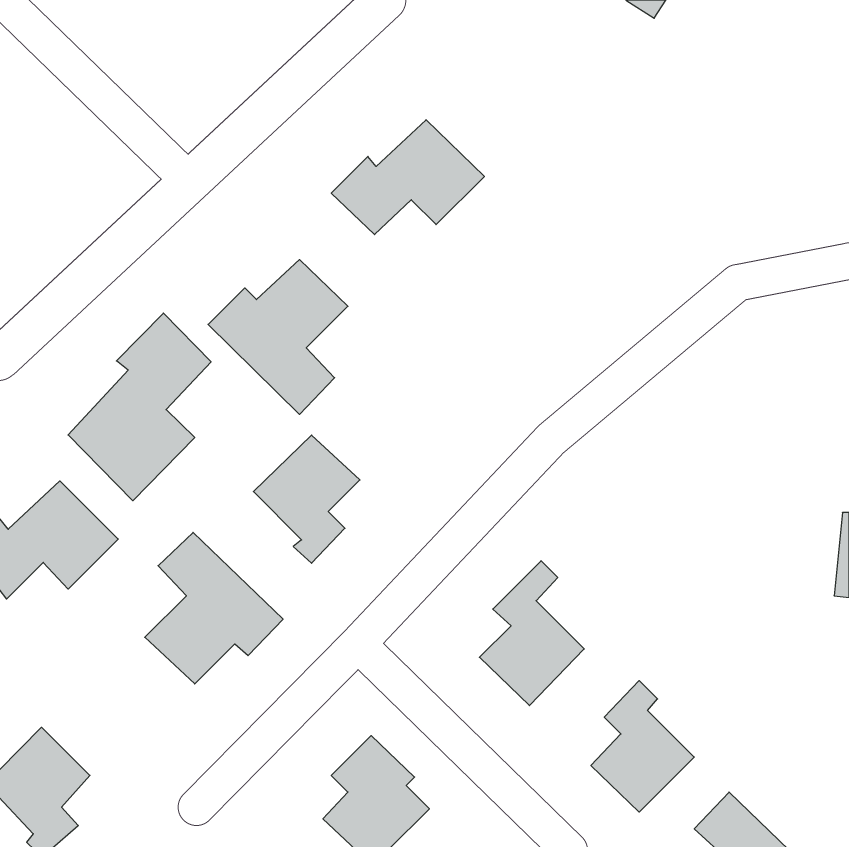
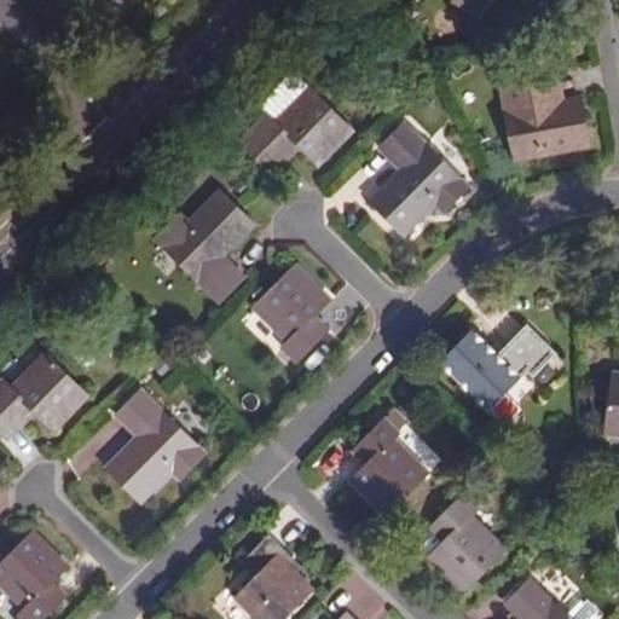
building: none -> [501,69,590,160]
building: none -> [369,122,469,236]
building: [68,313,211,501] -> none
building: [253,435,360,563] -> [255,267,332,360]
building: none -> [440,326,555,409]

